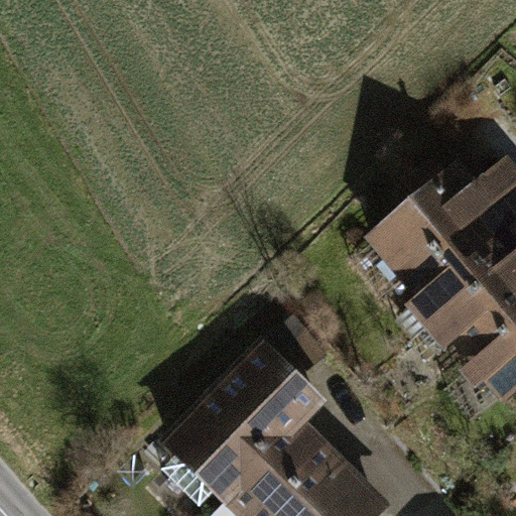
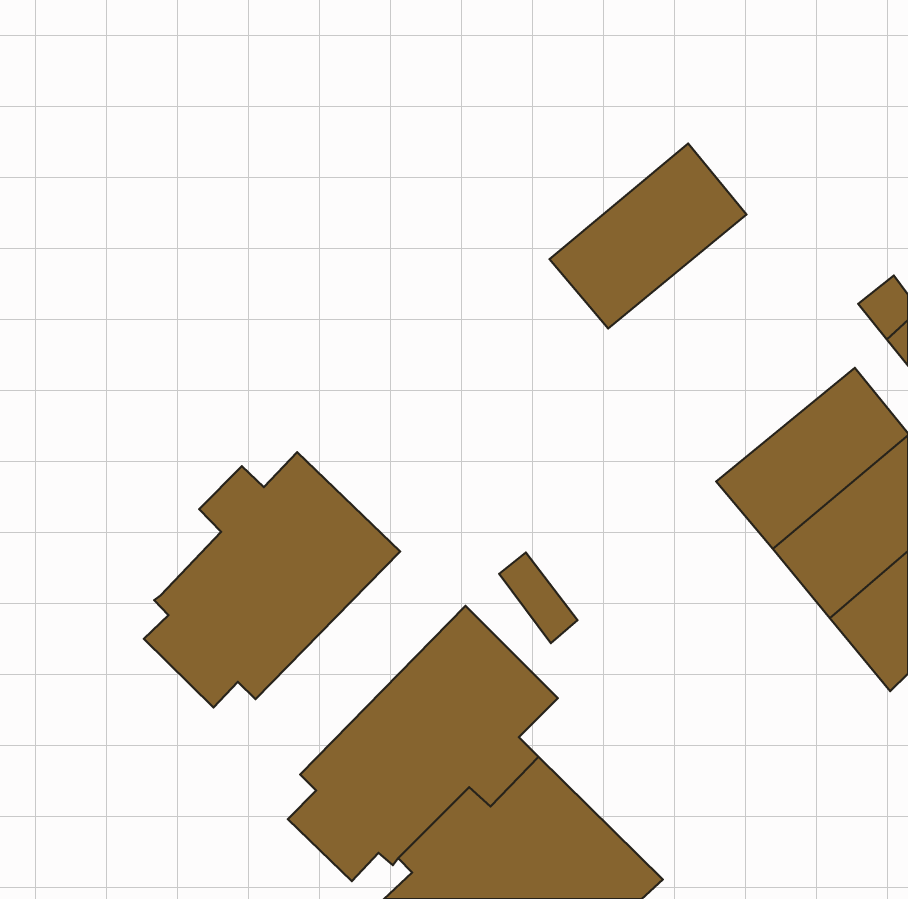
building: [373,168,485,273] -> [549,144,747,328]
building: none -> [144,452,400,707]

